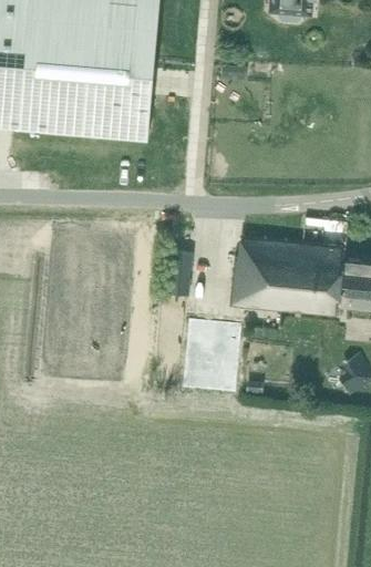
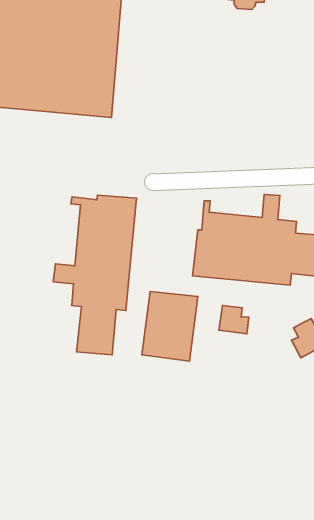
building: none -> [53,195,137,355]
building: none -> [219,305,249,334]

